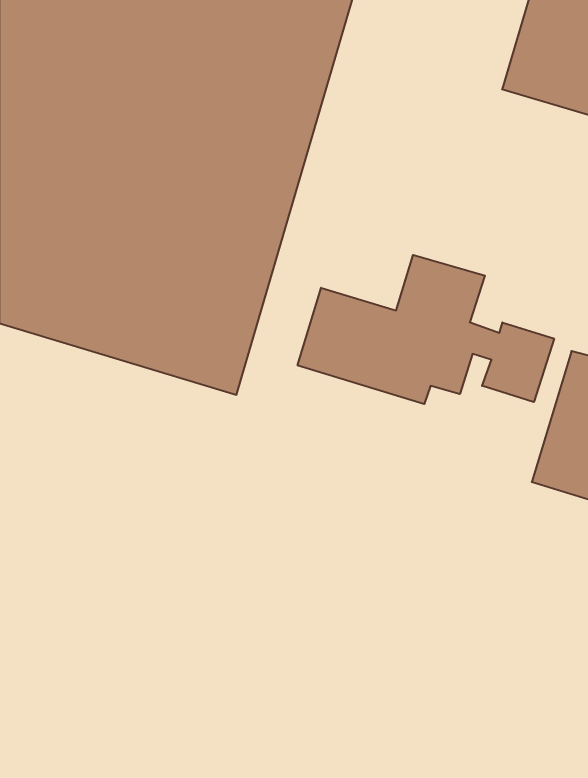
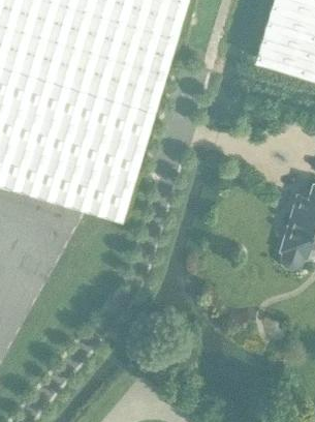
building: [298,255,554,404] -> none

